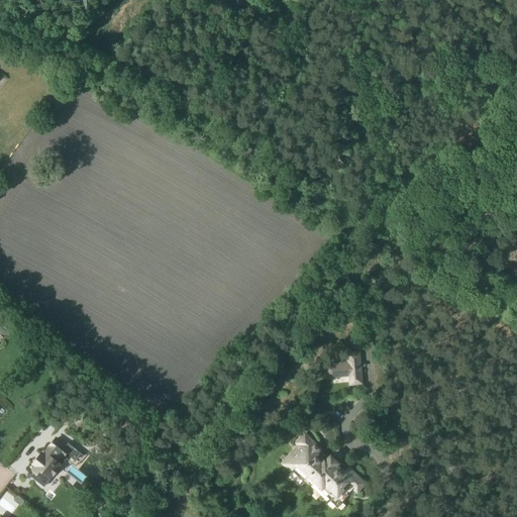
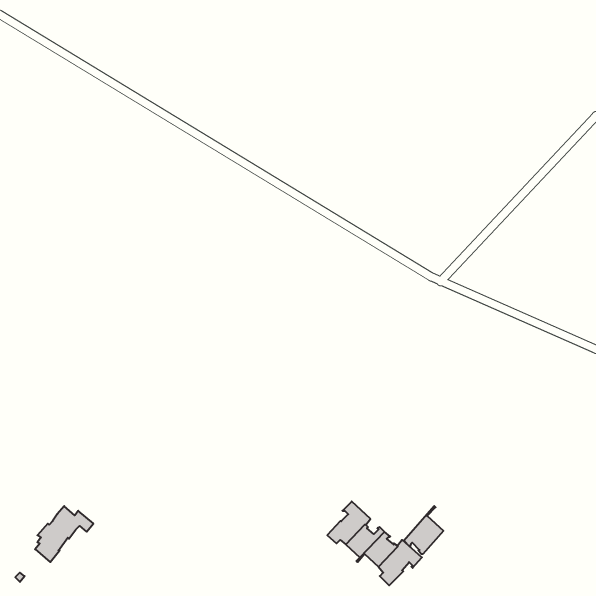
building: [325,351,364,384] -> none
building: none -> [404,506,443,554]

